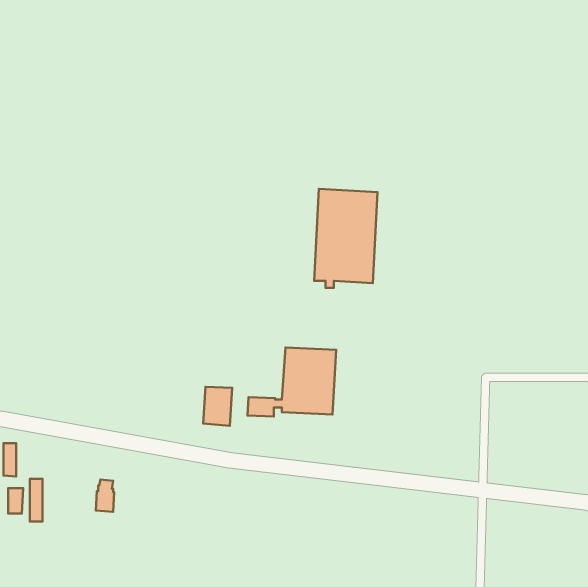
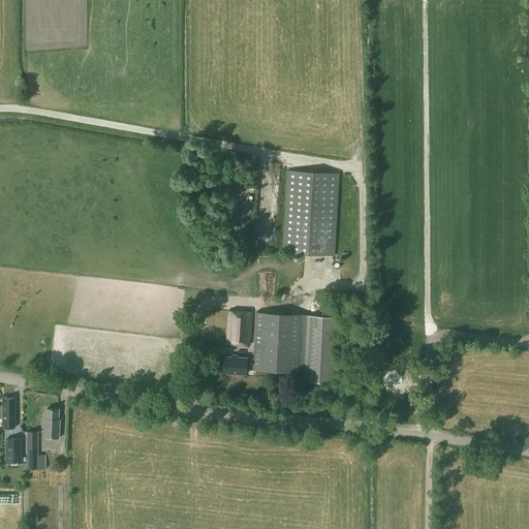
building: none -> [299,315,341,382]
building: [203,387,232,426] -> [226,311,252,346]
building: [96,480,114,512] -> [43,409,60,438]

